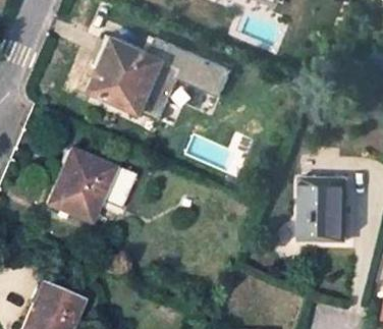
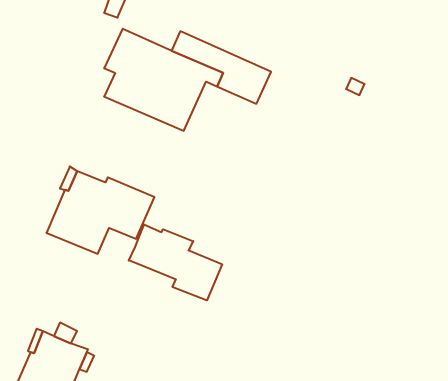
building: [298,176,345,240] -> none
building: none -> [129,224,222,300]

